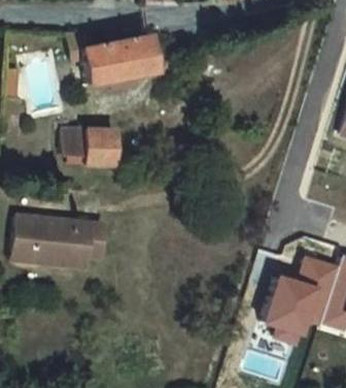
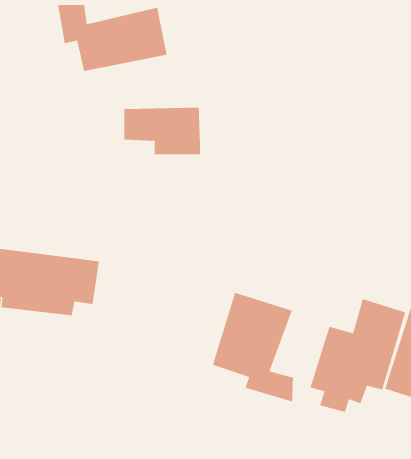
building: [60,128,117,164] -> [124,107,201,155]
building: none -> [212,292,294,402]

